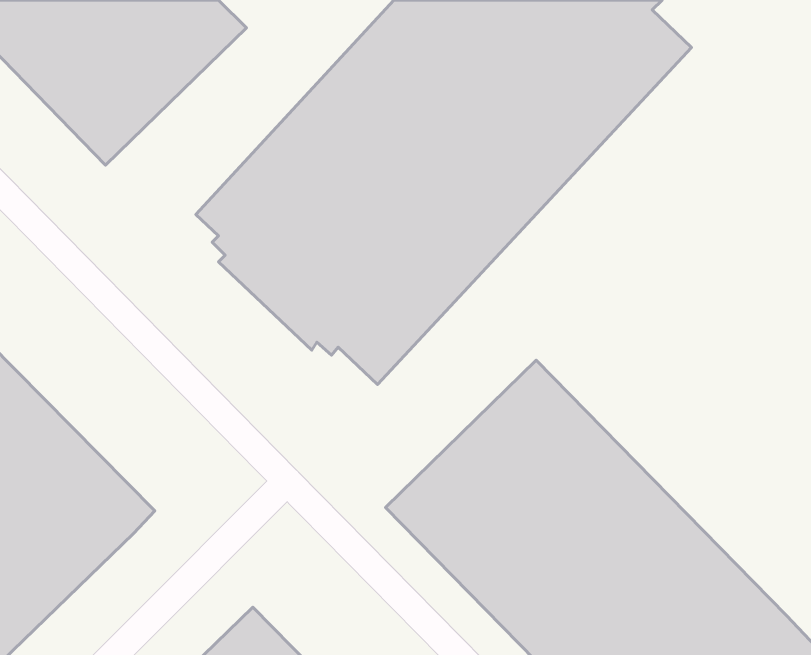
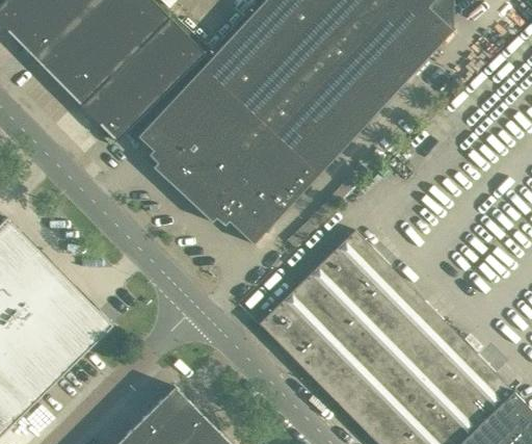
building: none -> [80,18,205,140]

